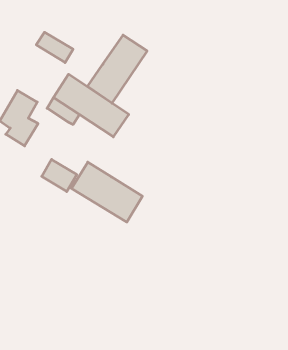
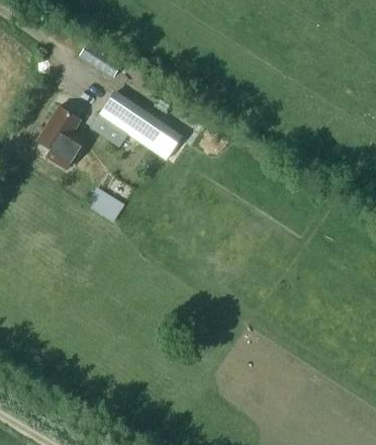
building: [88,35,147,103] -> none
building: [71,162,142,222] -> none

